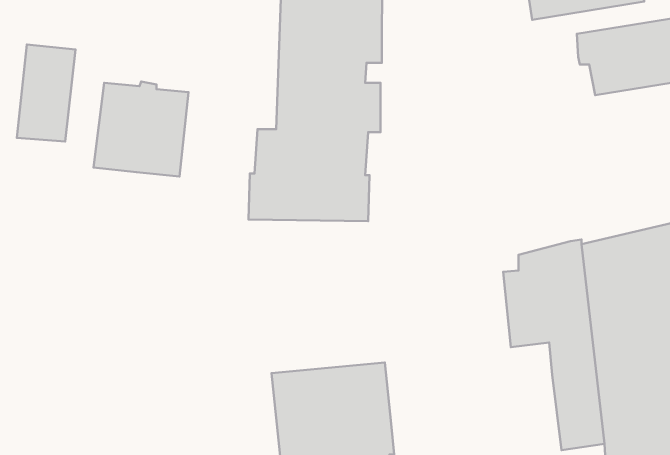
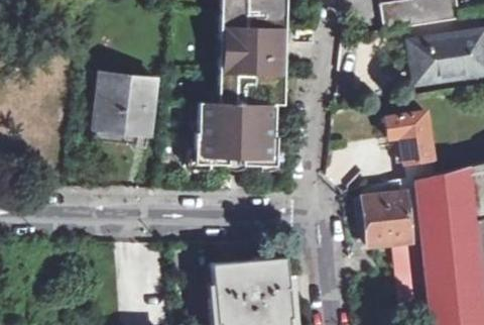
building: [17,44,75,142] -> none
building: none -> [387,110,437,164]

